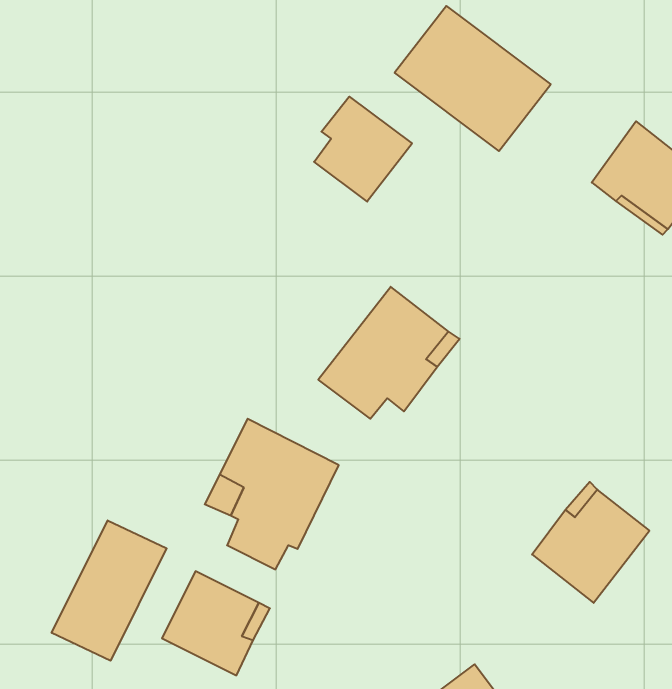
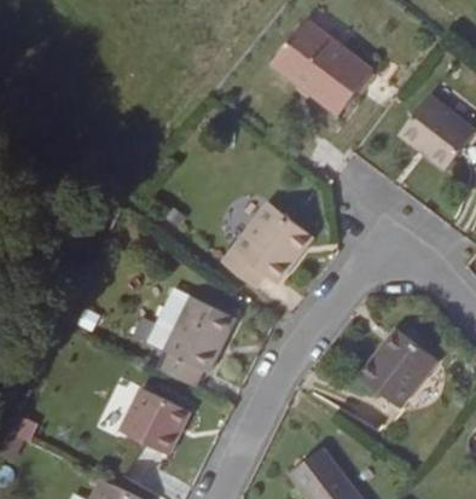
building: [314,97,412,202] -> none
building: [52,520,167,661] -> none

